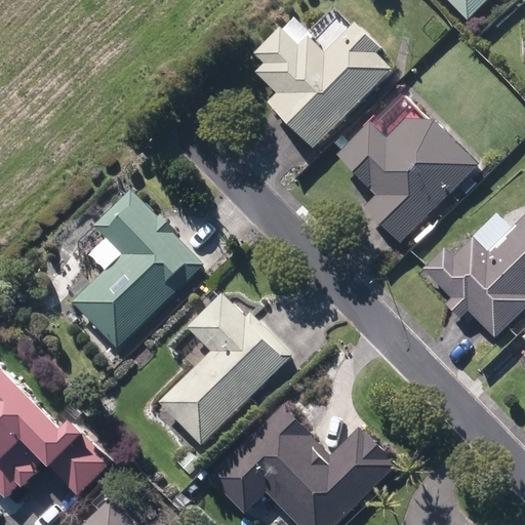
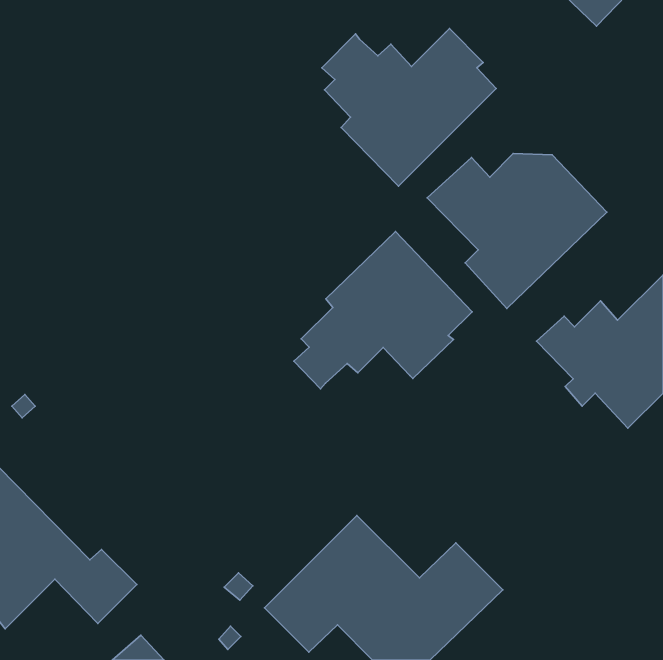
building: none -> [294,231,472,389]
building: [75,192,203,348] -> none
building: [160,294,292,445] -> none

